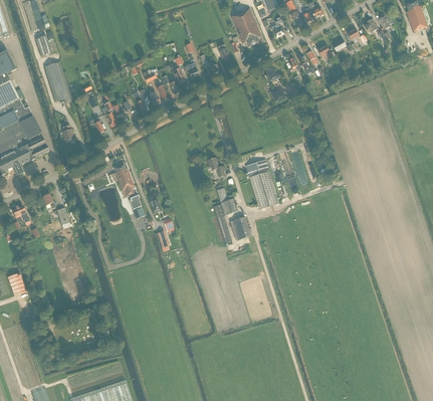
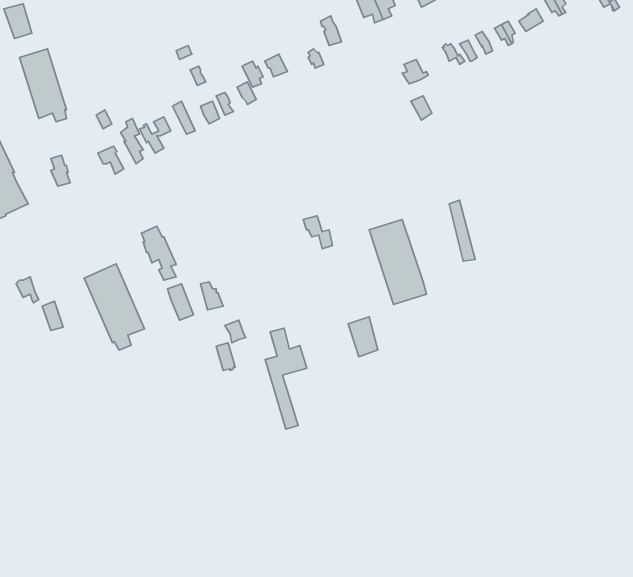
building: none -> [84,264,144,350]
building: [213,187,237,245] -> [265,328,307,429]

